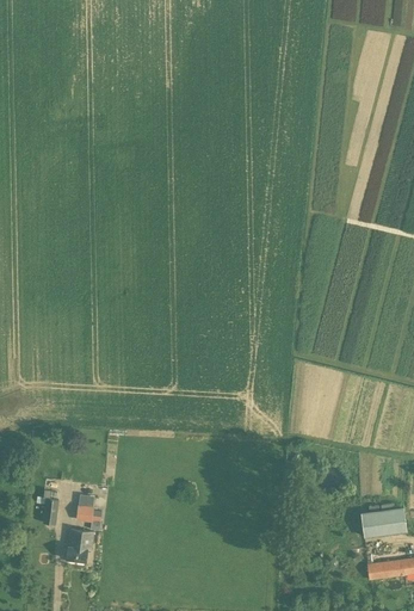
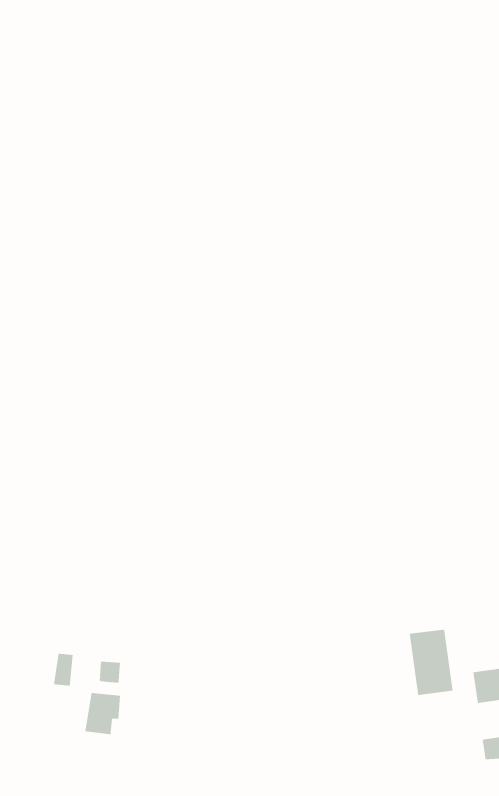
building: none -> [409,629,453,696]

